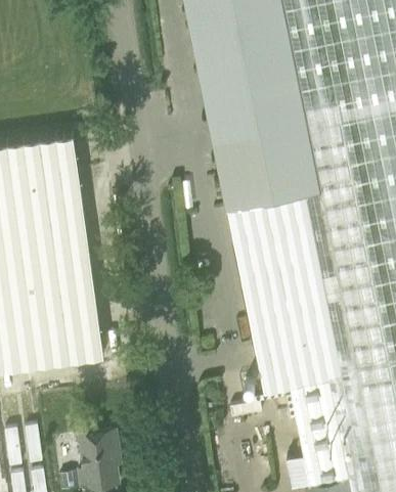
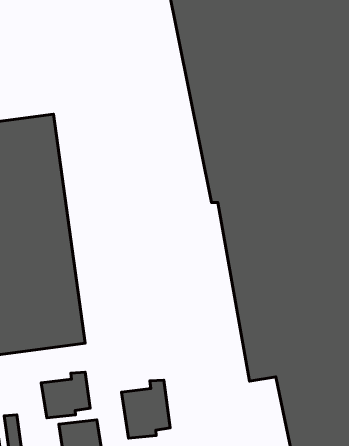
building: none -> [41,372,90,418]
building: none -> [121,380,170,438]

